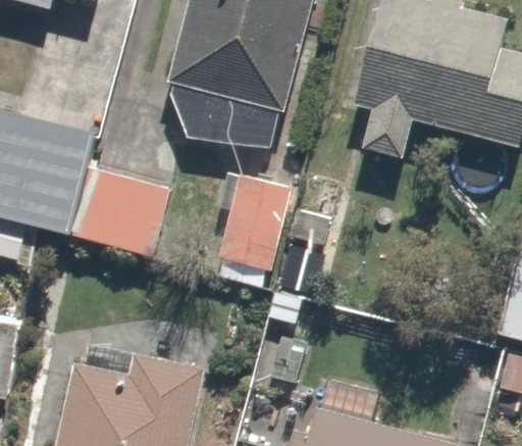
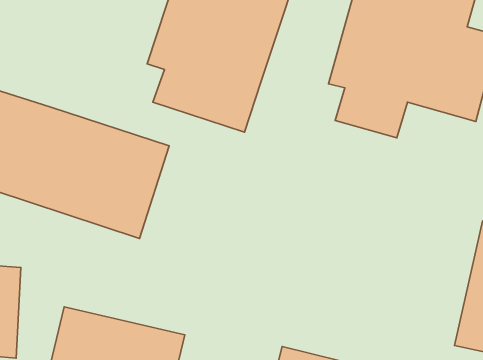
building: [201,166,294,290] -> none

